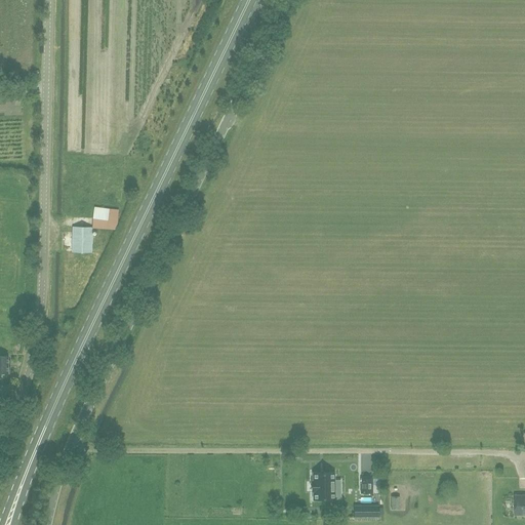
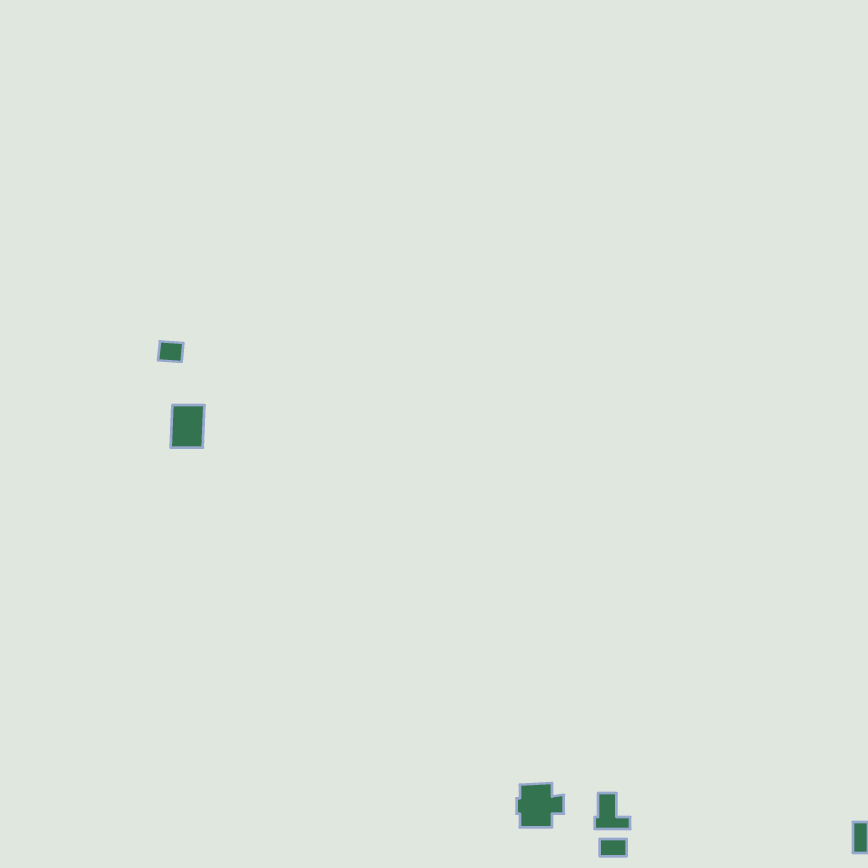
building: [72,227,92,252] -> [171,405,205,448]

